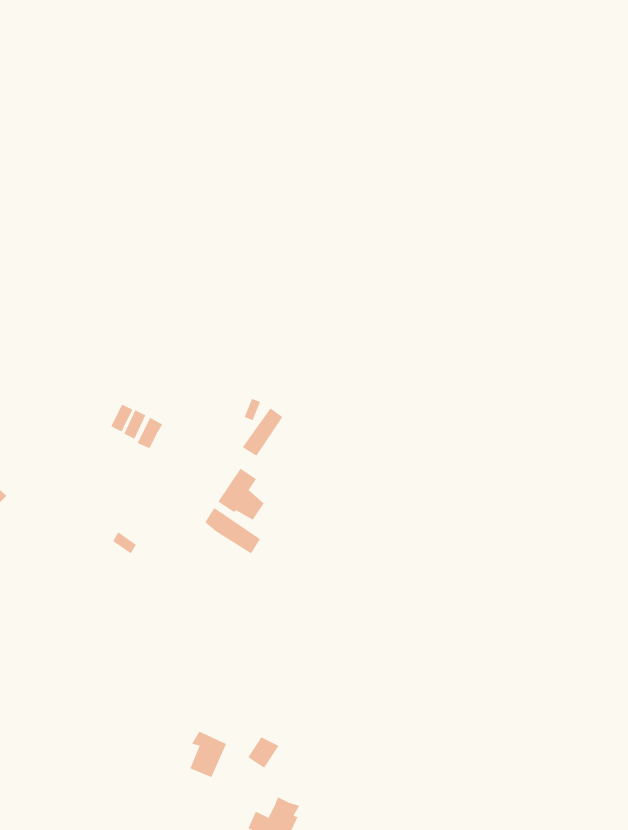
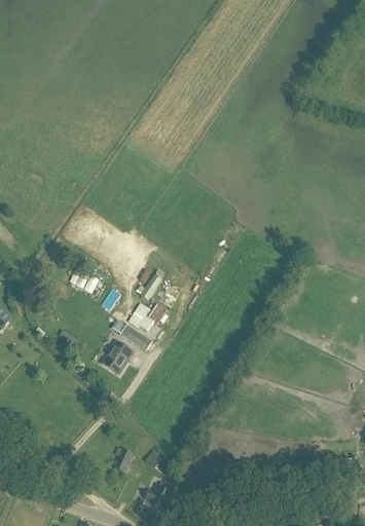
building: none -> [101,340,133,373]

